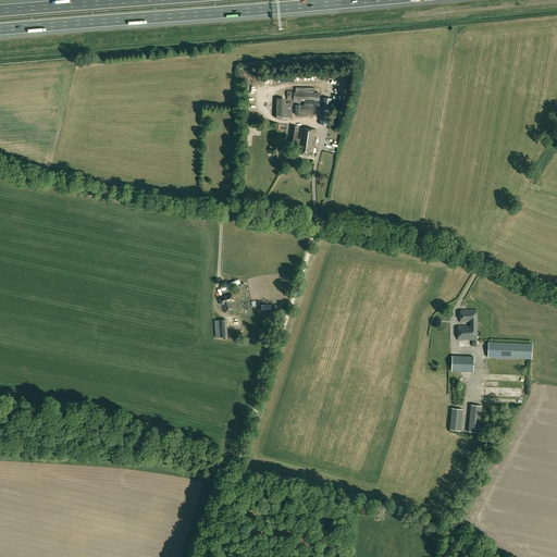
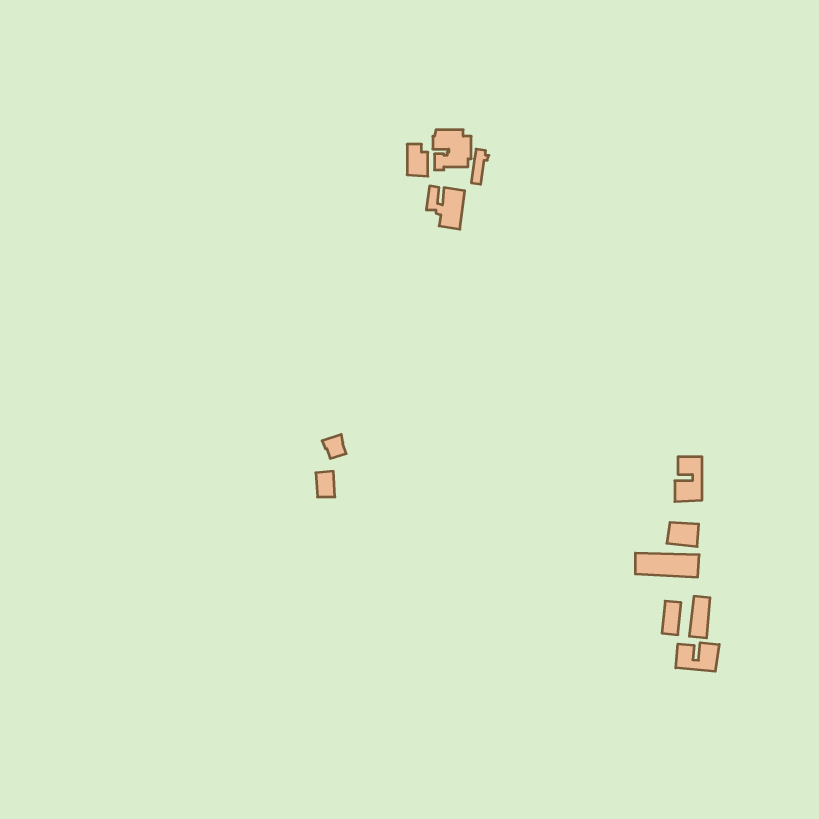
building: [488,343,532,359] -> [635,553,699,577]
building: none -> [676,643,719,671]

